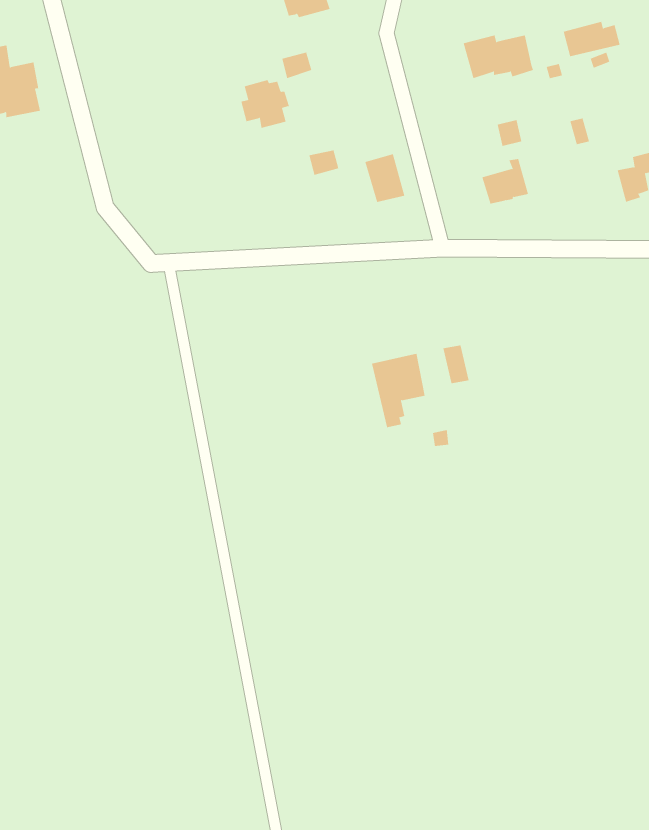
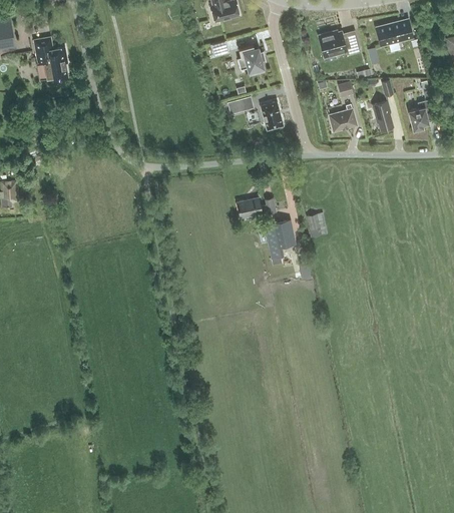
building: [241,79,290,129] -> [237,44,266,73]
building: none -> [372,100,393,129]
building: none -> [236,196,276,217]

